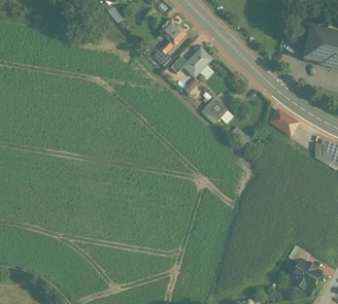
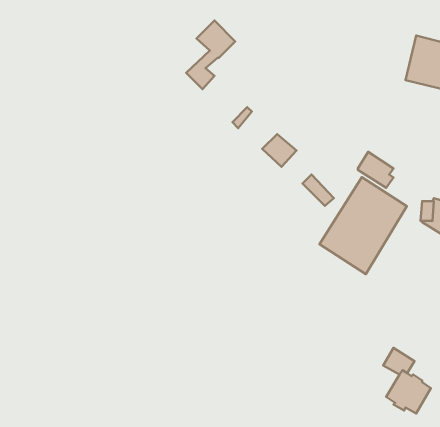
building: [171,47,212,76] -> none
building: none -> [319,177,407,274]

